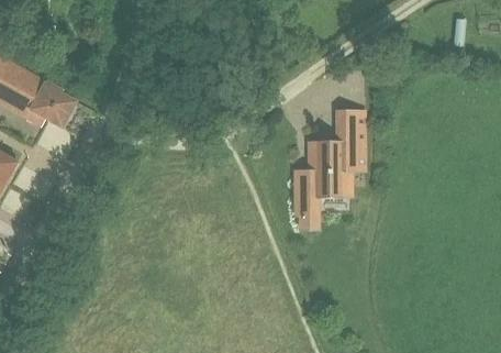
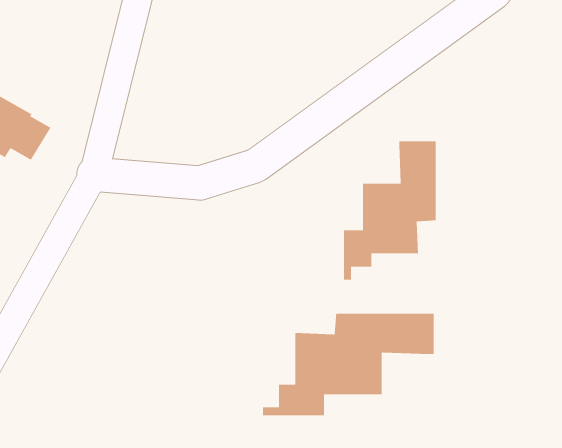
building: none -> [262,313,434,416]

